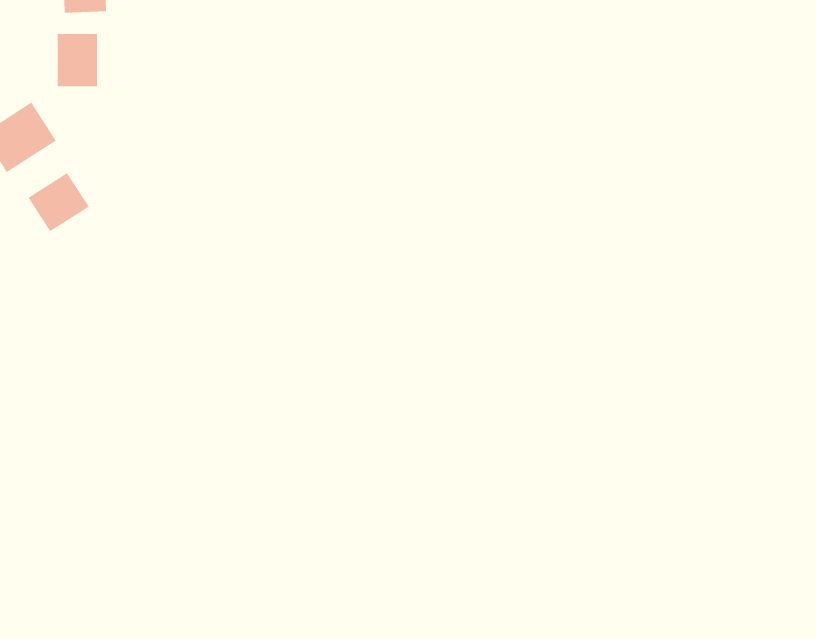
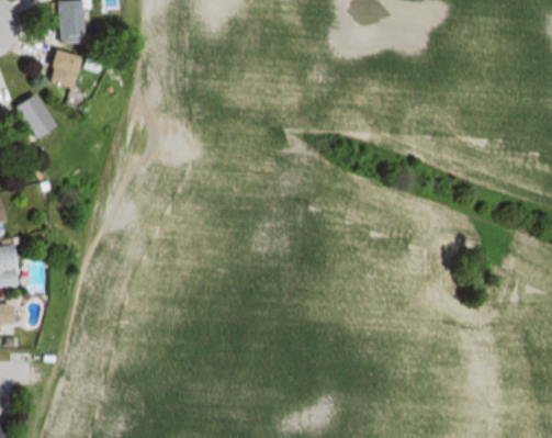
building: [28,172,90,232] -> none

